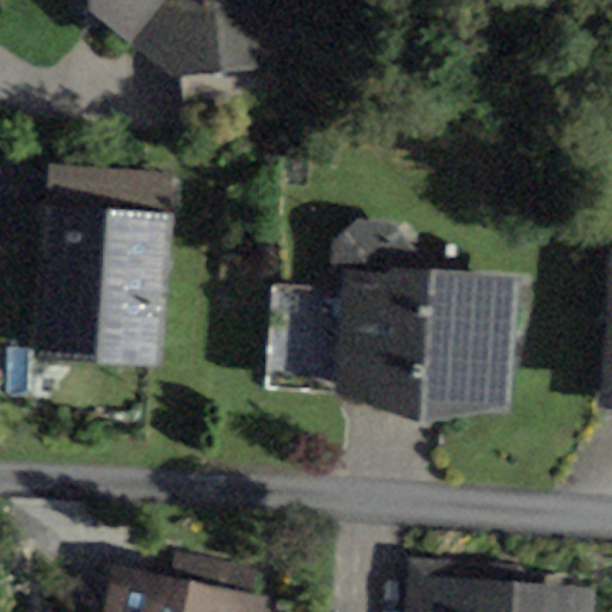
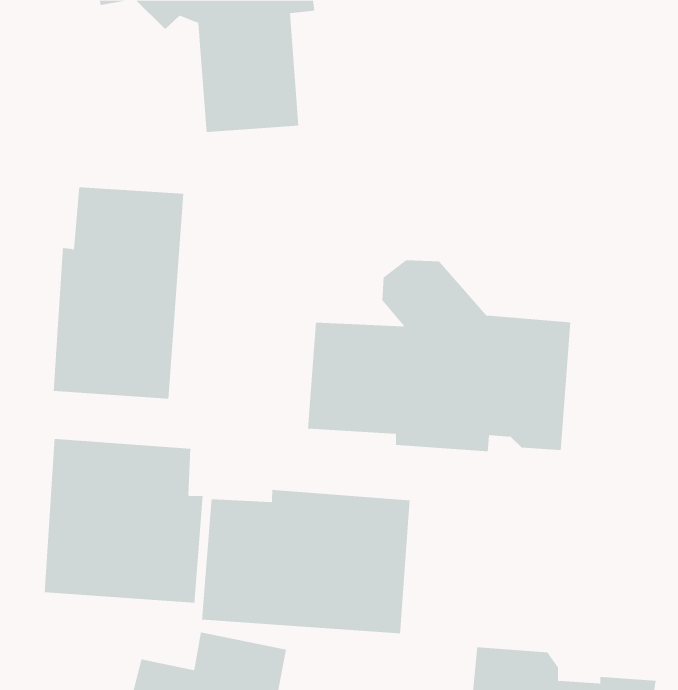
building: none -> [44,438,203,603]
building: none -> [202,489,410,634]

